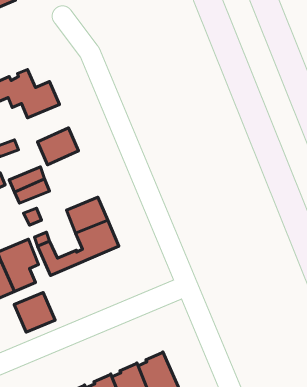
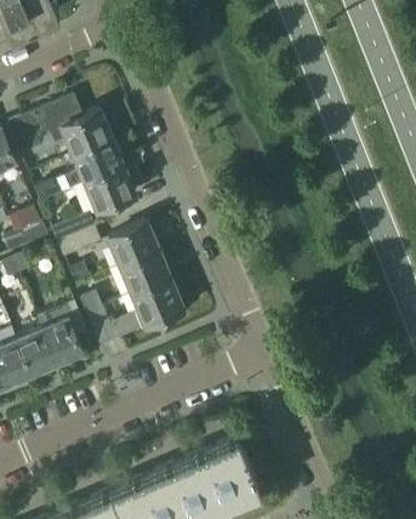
building: none -> [65,137,122,188]
building: none -> [108,221,158,264]
building: [14,292,55,332] -> none

